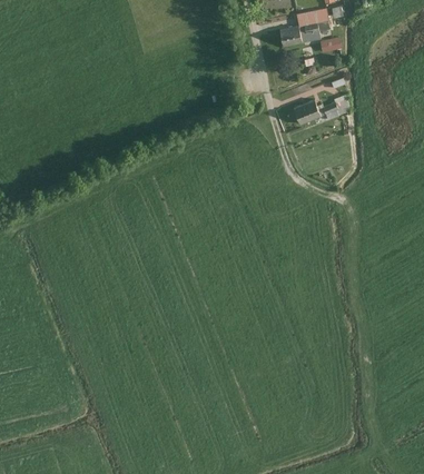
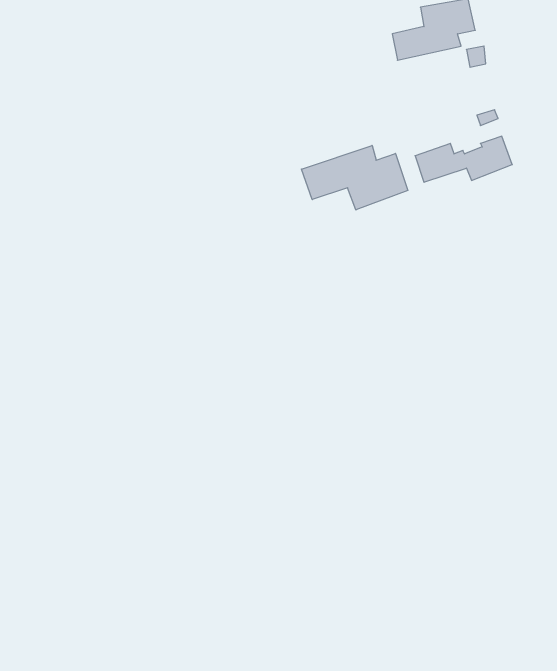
building: none -> [301,145,408,210]

